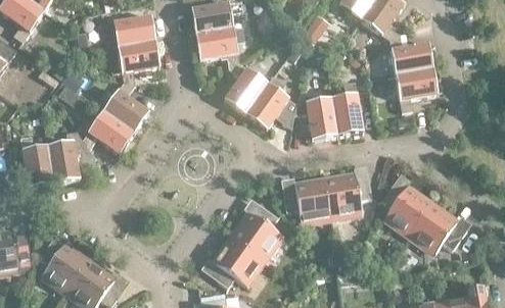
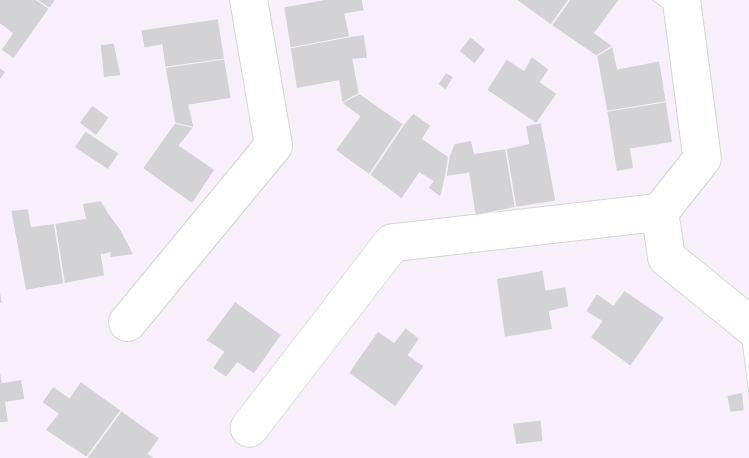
building: none -> [486,56,557,124]
building: [83,109,135,152] -> none
building: [285,178,331,220] -> none
building: [411,203,460,252] -> none
building: [215,238,263,286] -> [206,301,282,378]

